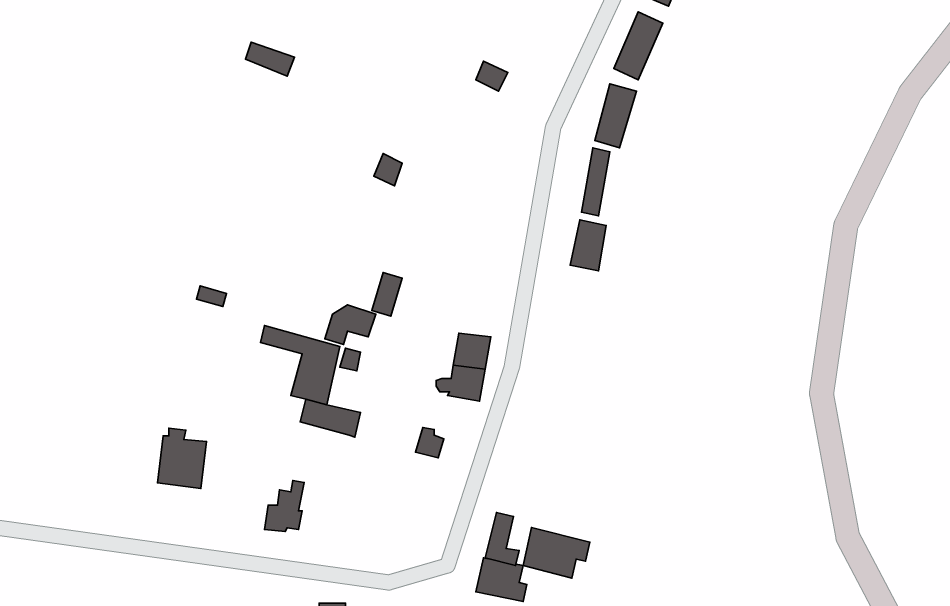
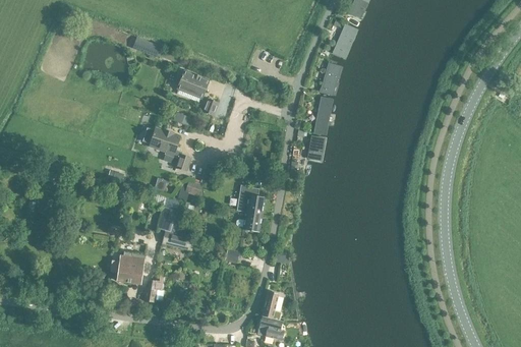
building: none -> [175,71,209,97]
building: none -> [149,128,190,170]
building: [157,428,206,489] -> [118,250,144,283]
building: [523,527,590,578] -> none

